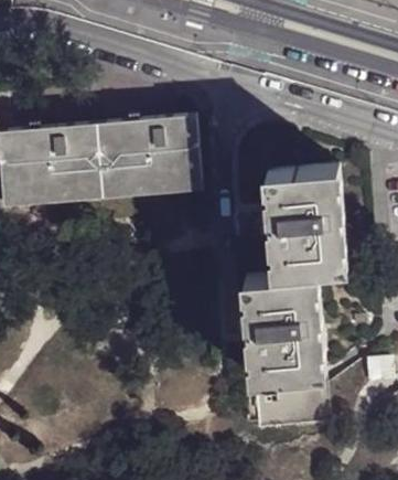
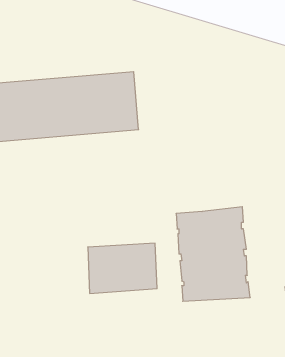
building: [260,167,345,276] -> none
building: [247,374,326,431] -> [88,243,157,293]

